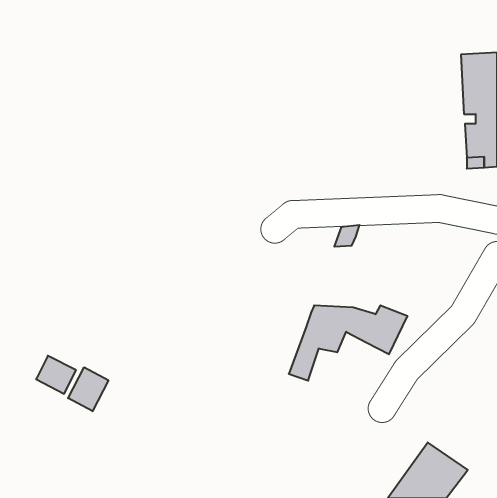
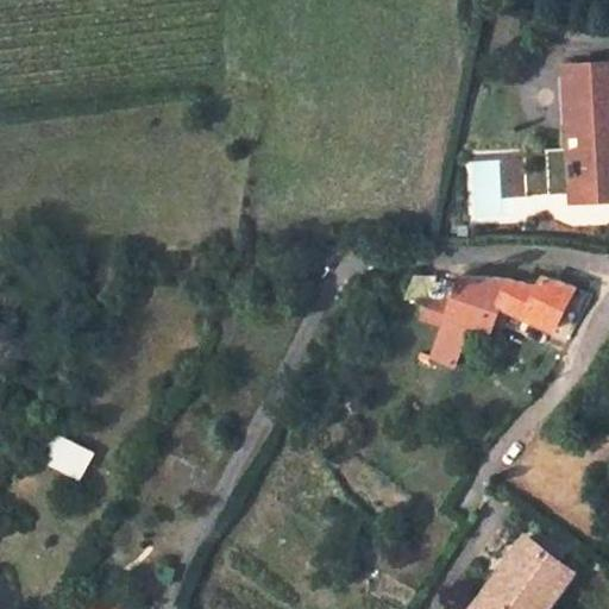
building: [289,305,408,381] -> [434,276,579,368]
building: [68,367,108,411] -> none

